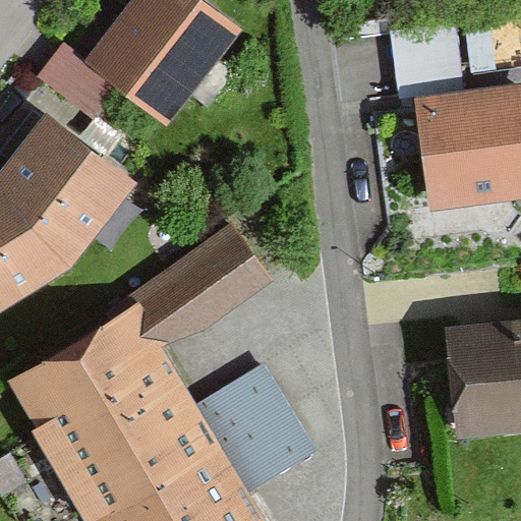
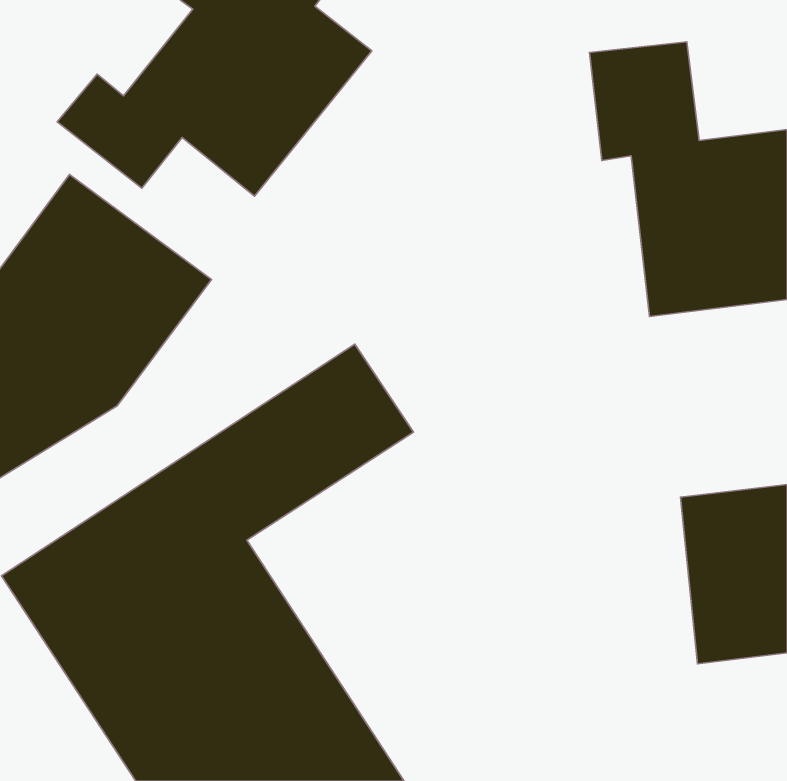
building: [213,351,317,473] -> none

